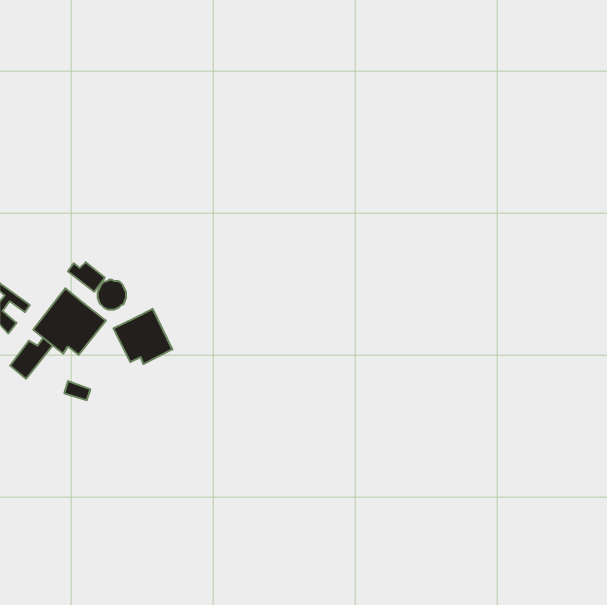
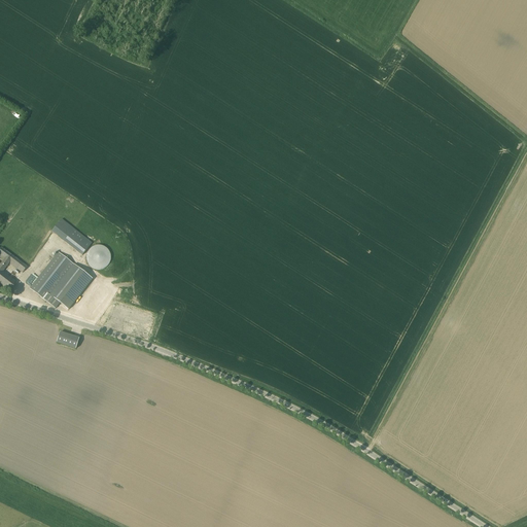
building: [113,309,172,364] -> none
building: [10,338,52,379] -> none

